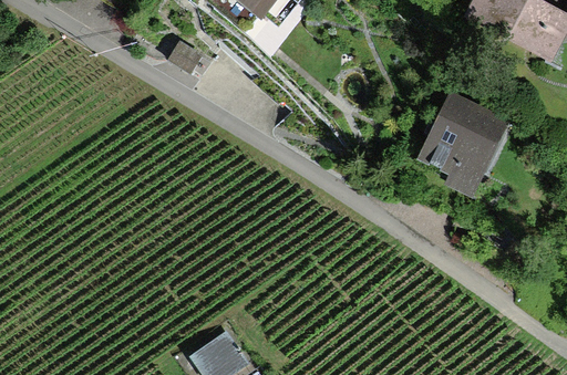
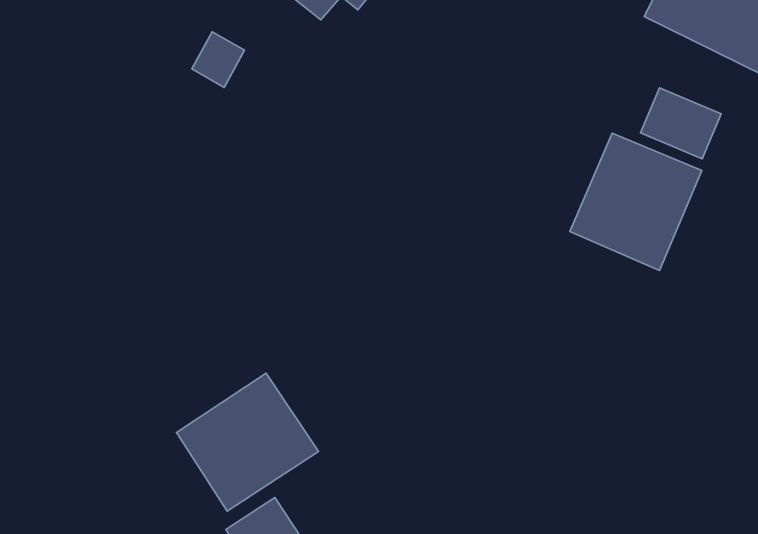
building: none -> [641,88,721,159]
building: none -> [176,373,318,511]

